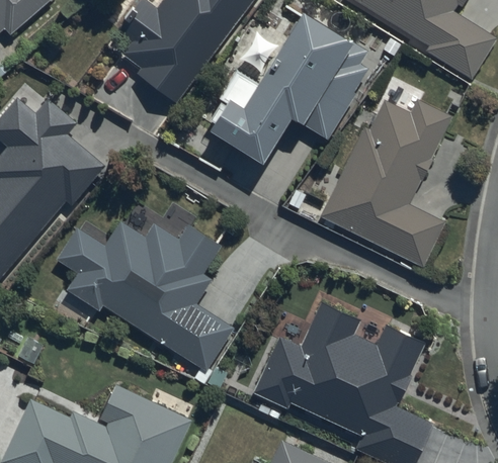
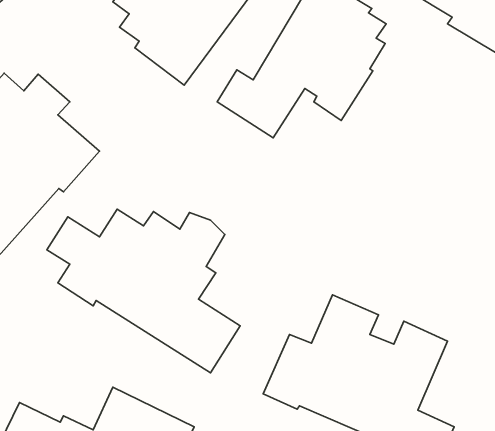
building: [319,99,452,267] -> none

